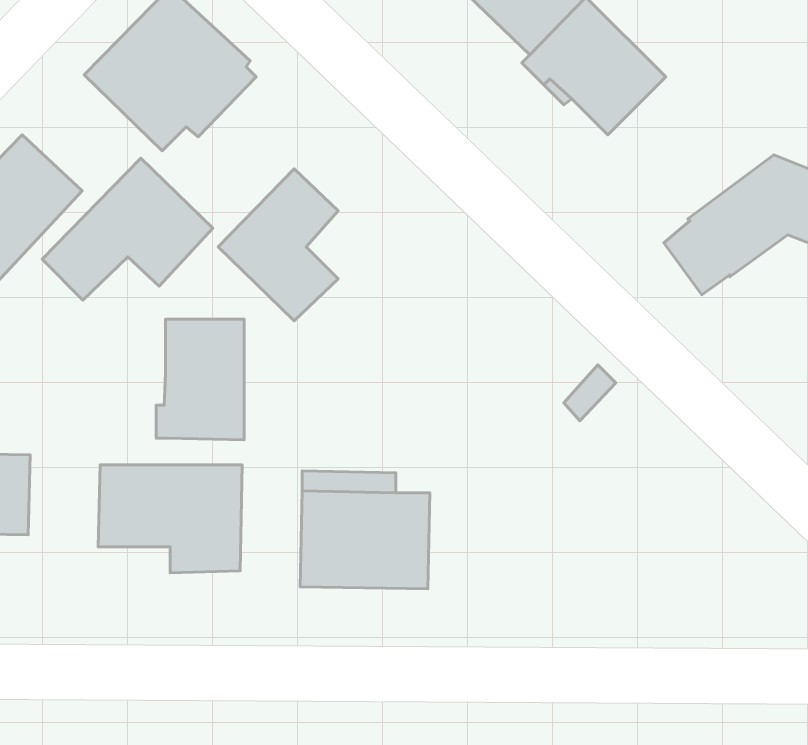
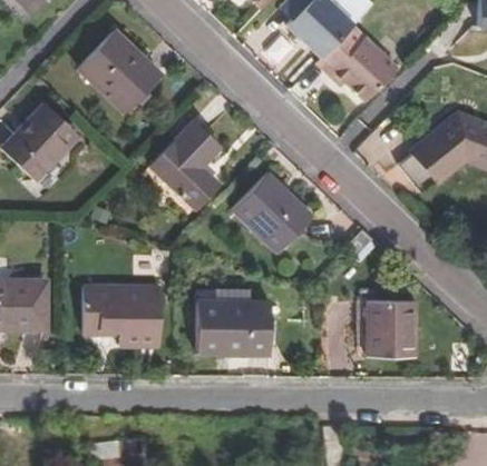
building: [42,158,213,300] -> none
building: none -> [224,169,302,246]
building: [156,319,244,440] -> none
building: none -> [364,301,413,353]

